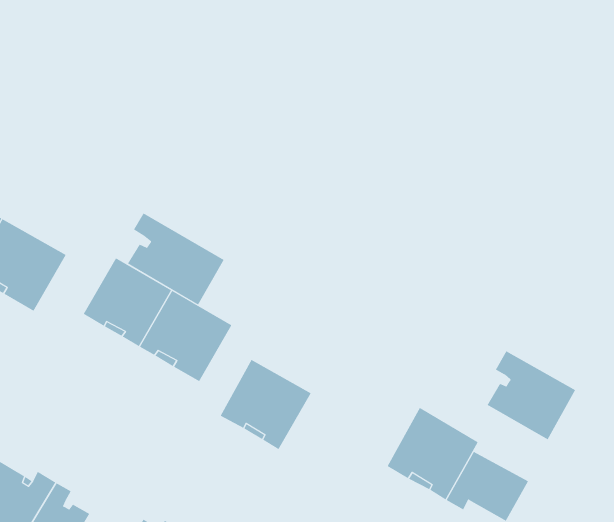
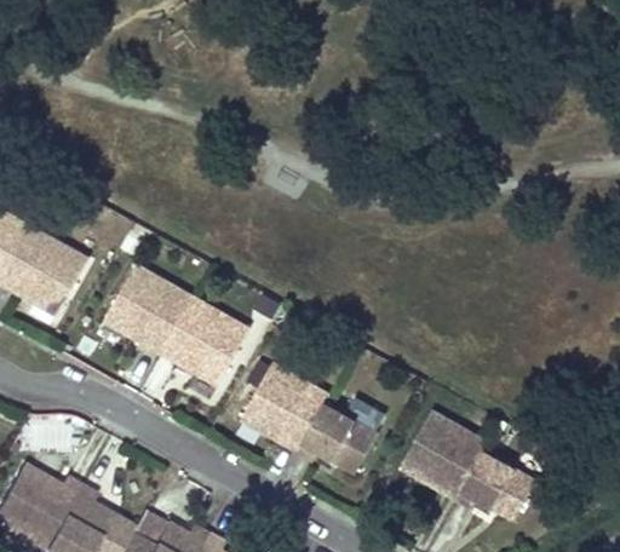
building: [127,213,225,305] -> none
building: [487,351,576,440] -> none
building: none -> [295,404,374,472]

